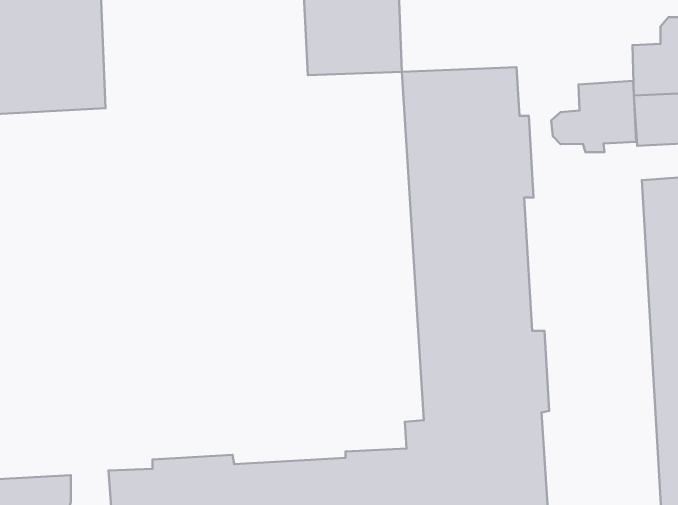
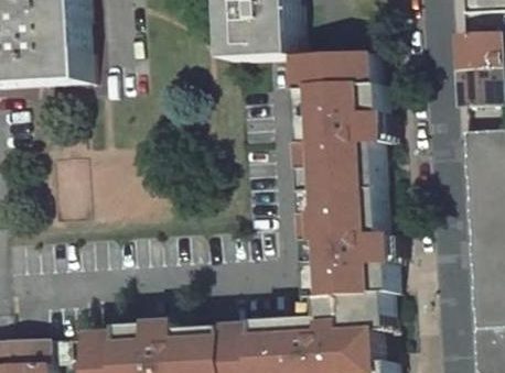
building: [551,81,636,152] -> none

